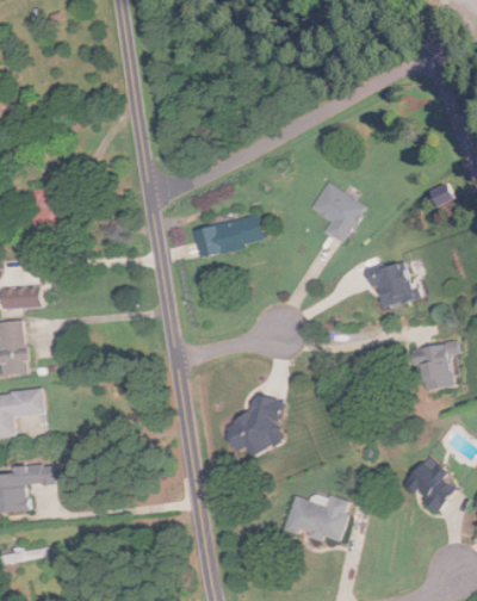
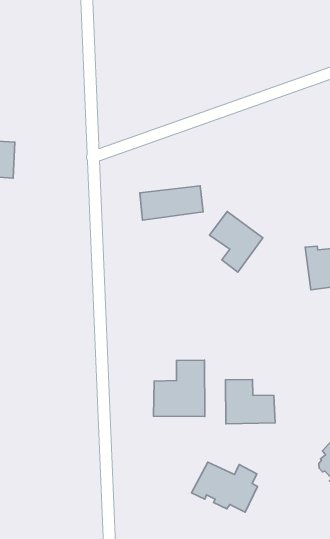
building: [308,182,363,243] -> [209,211,263,272]
building: none -> [226,379,275,424]

